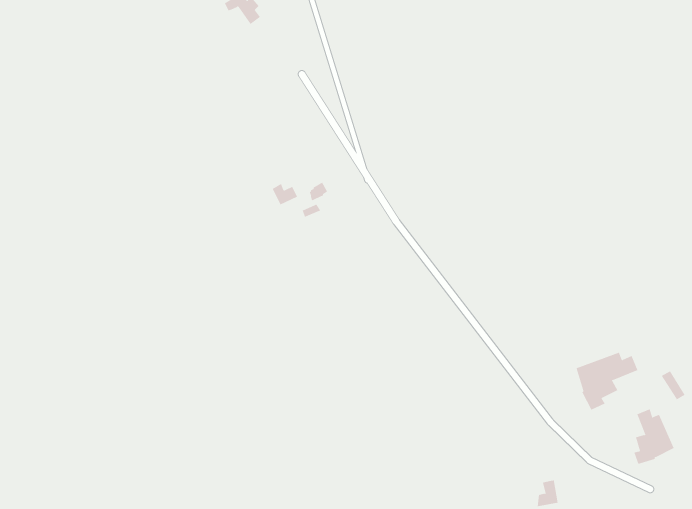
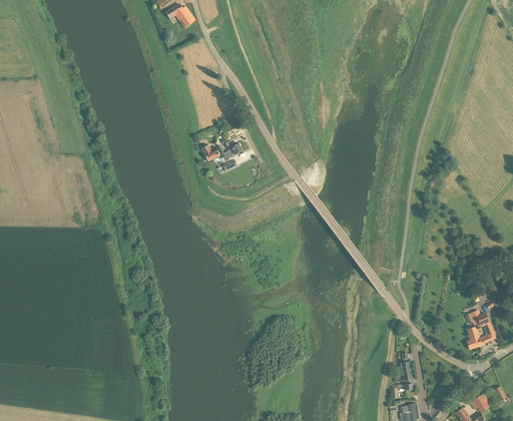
building: [576,352,638,411] -> none

